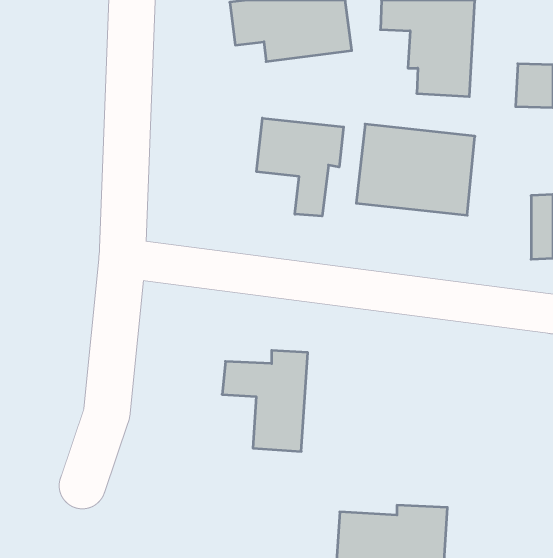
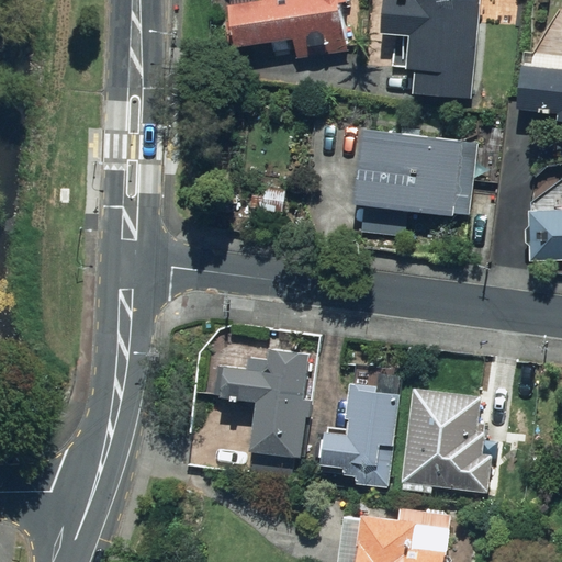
building: [257,118,344,216] -> none
building: none -> [318,382,397,485]
building: none -> [396,382,495,493]

